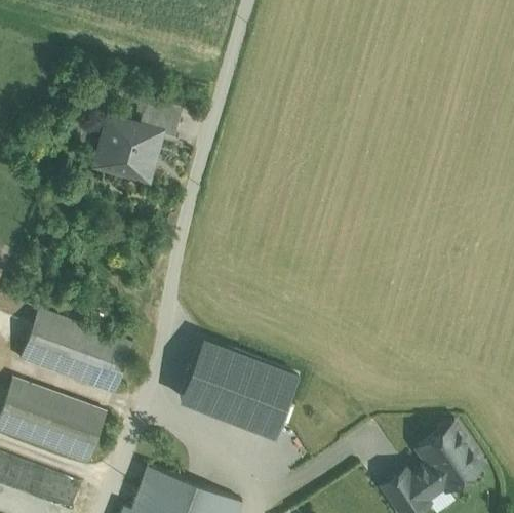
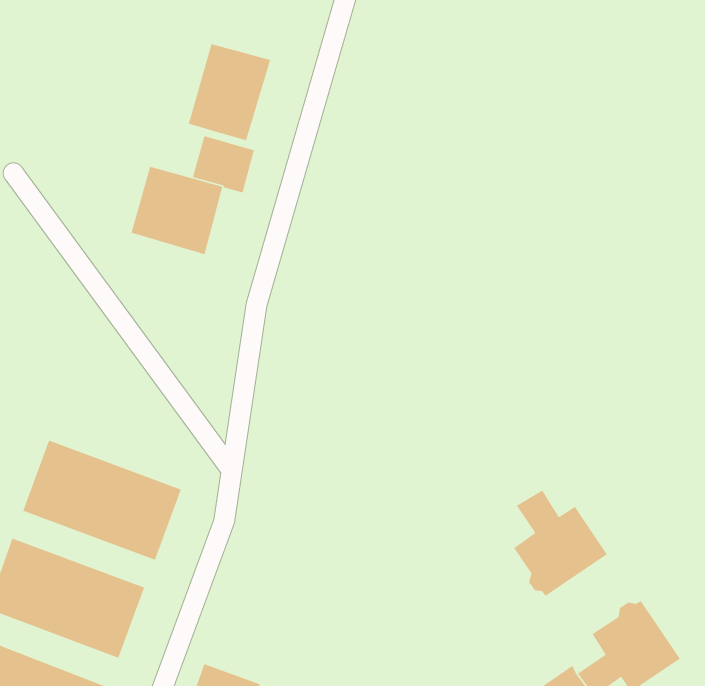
building: none -> [188,43,271,141]
building: [181,342,298,438] -> none
building: none -> [513,489,608,596]

